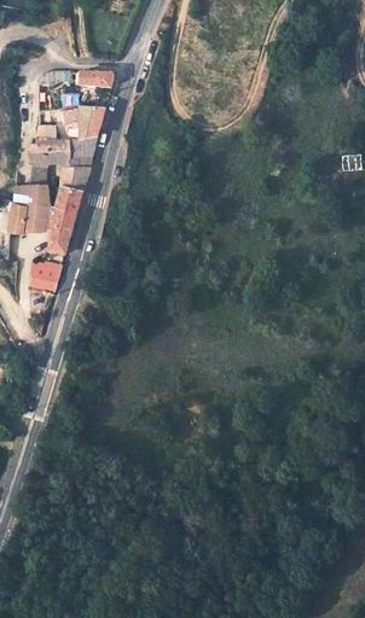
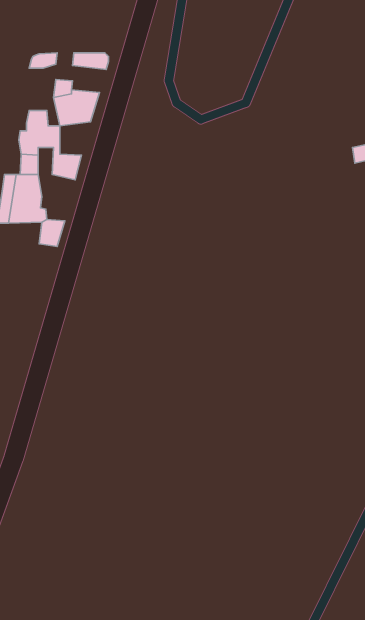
building: [68,136,97,168] -> none
building: [50,186,82,229] -> none
building: [29,263,62,292] -> none

